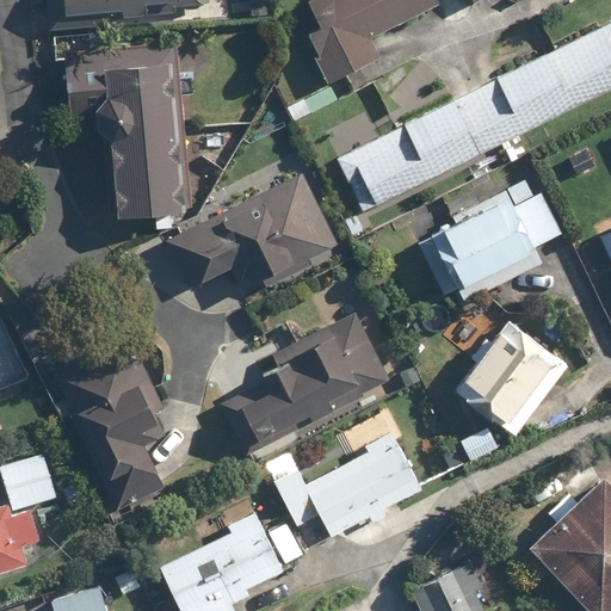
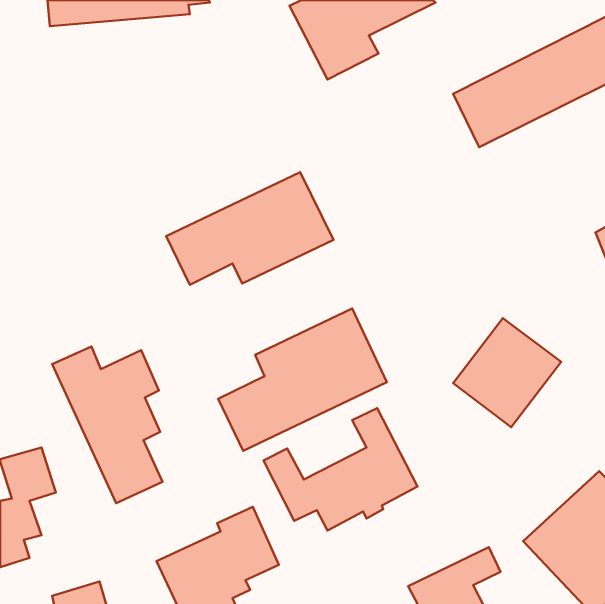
building: [67,48,185,217] -> none
building: [335,97,483,210] -> none
building: [437,178,566,285] -> none

